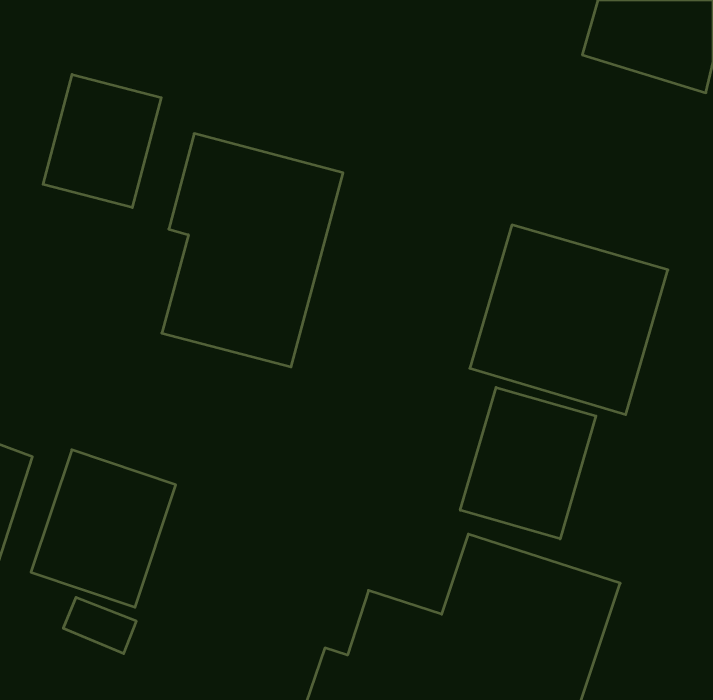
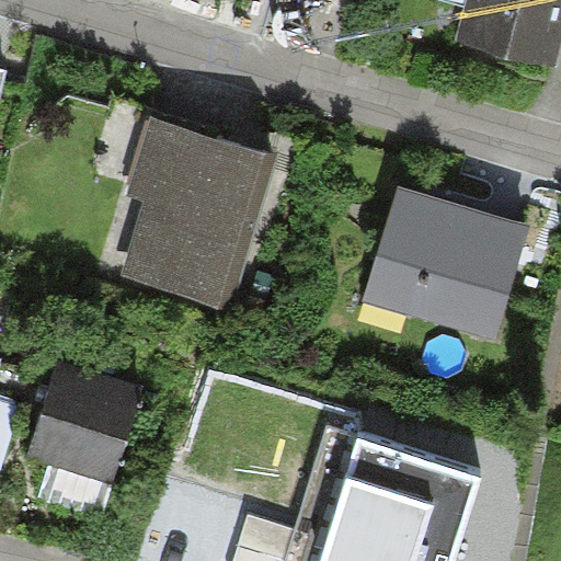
building: [43,74,161,208] -> none
building: [460,387,596,539] -> none

